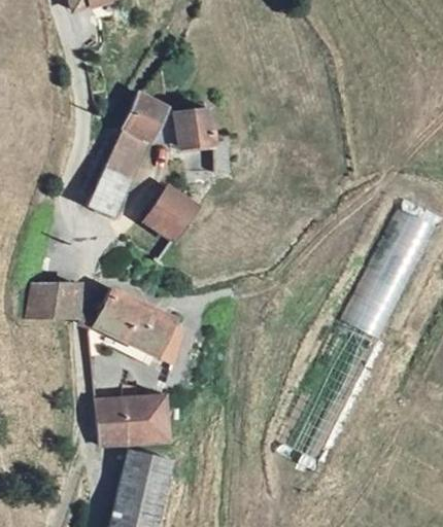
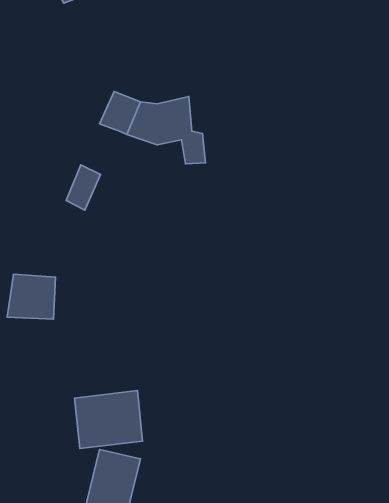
building: [108,130,146,179] -> none
building: [142,185,195,238] -> none
building: [99,294,183,365] -> none

